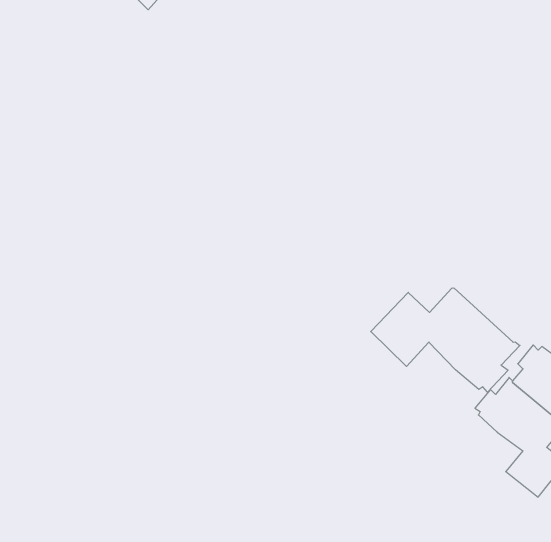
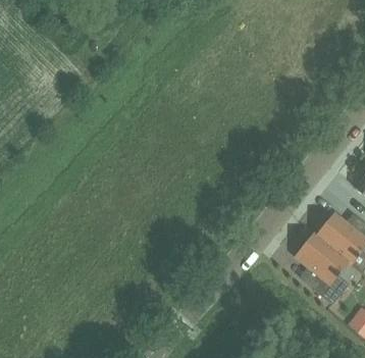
building: [371,288,520,392] -> none

